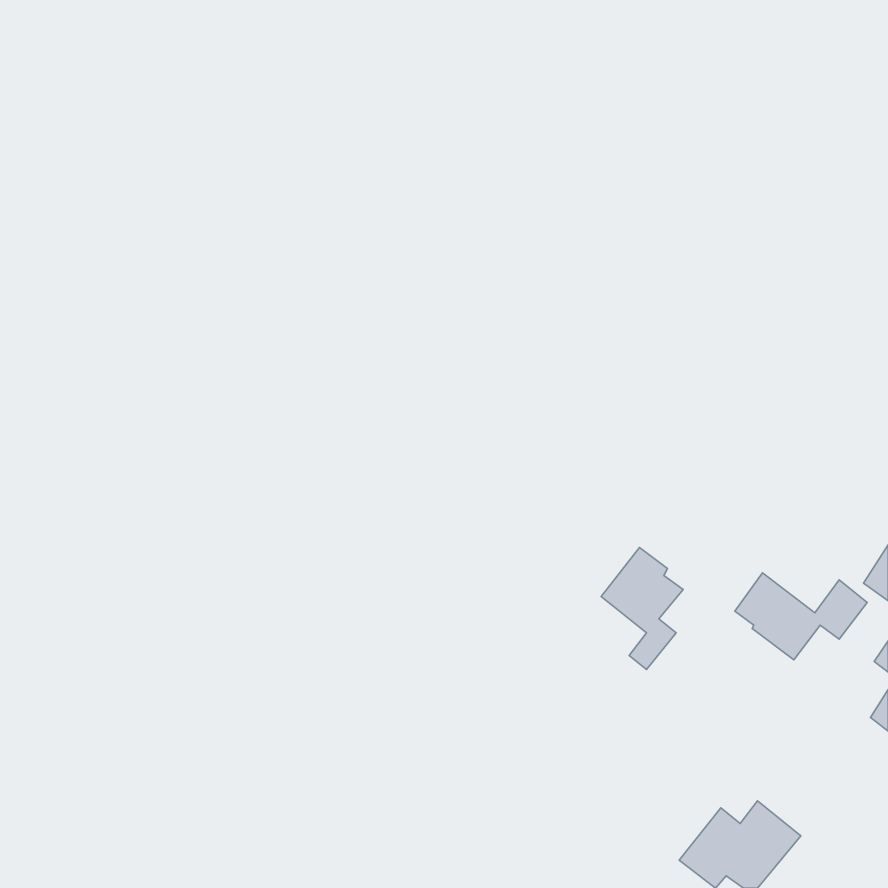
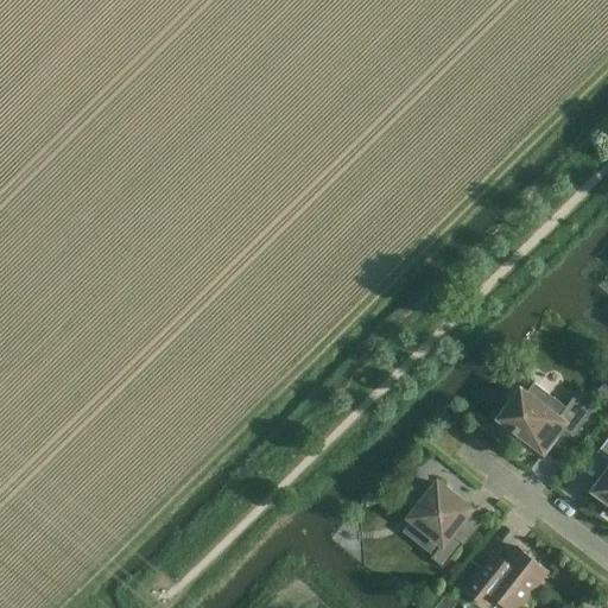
building: [601,548,683,669] -> [411,483,467,566]

